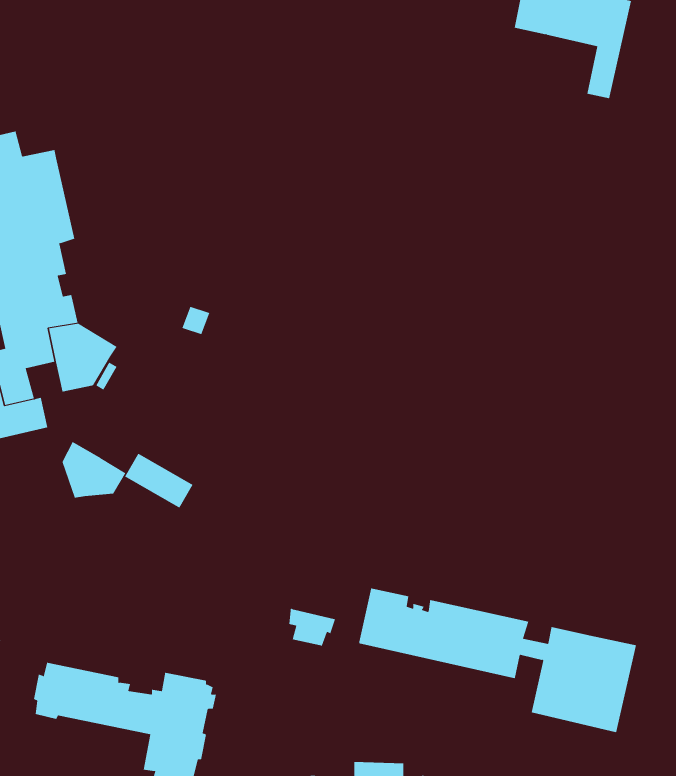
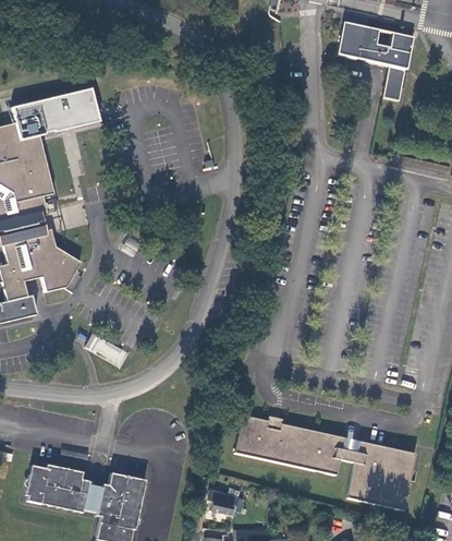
building: none -> [12,86,100,137]
building: [62,441,126,498] -> none
building: [289,607,336,646] -> [208,489,239,514]

